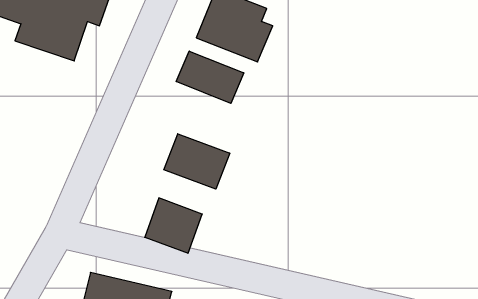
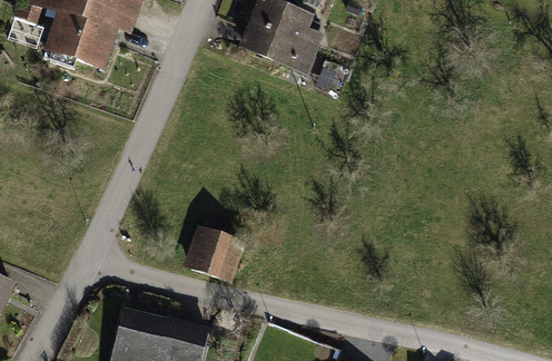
building: [176,51,244,103] -> none
building: [164,134,230,189] -> none

